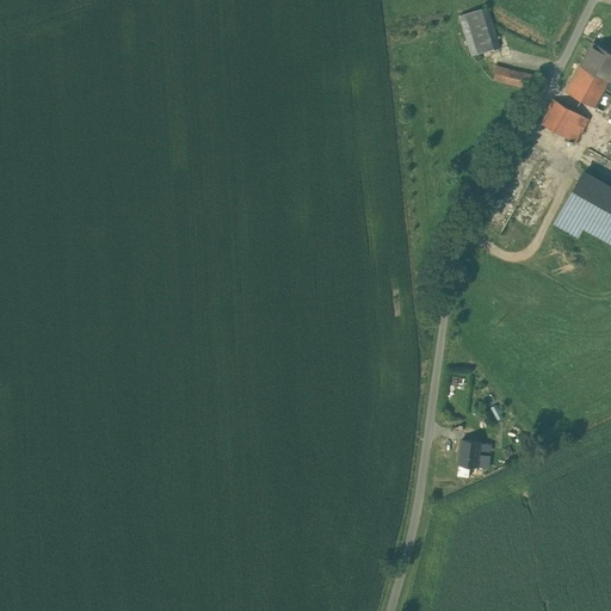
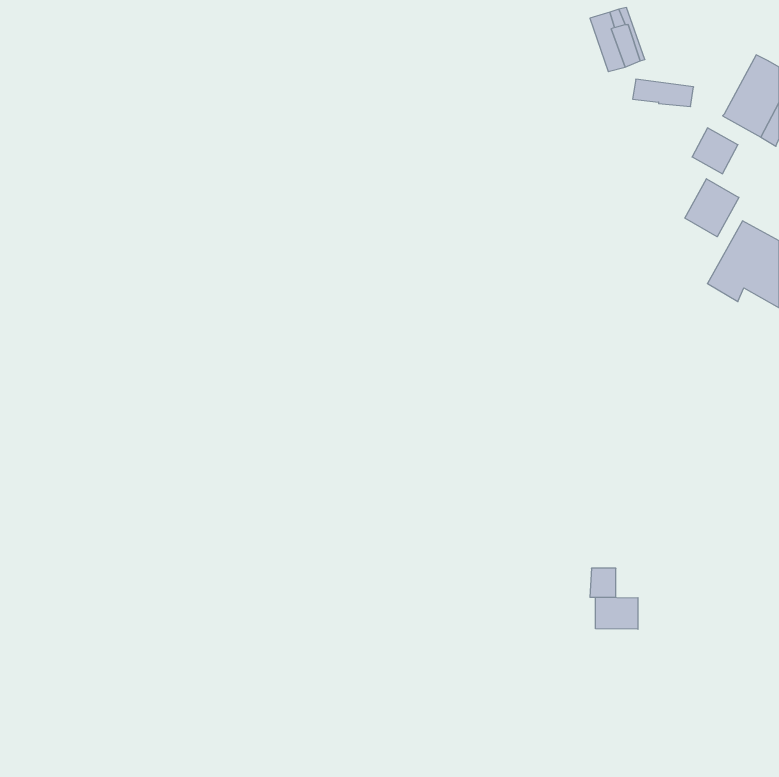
building: none -> [685,179,739,237]
building: none -> [596,597,638,629]

